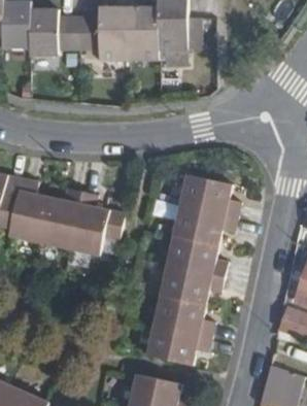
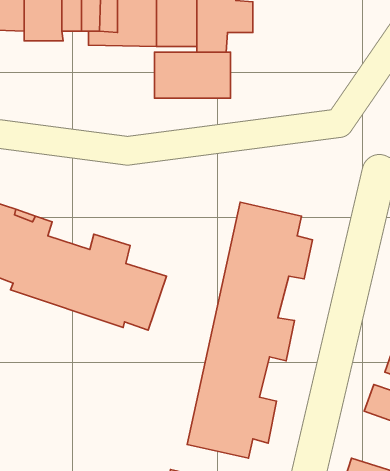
building: none -> [154,52,230,98]

